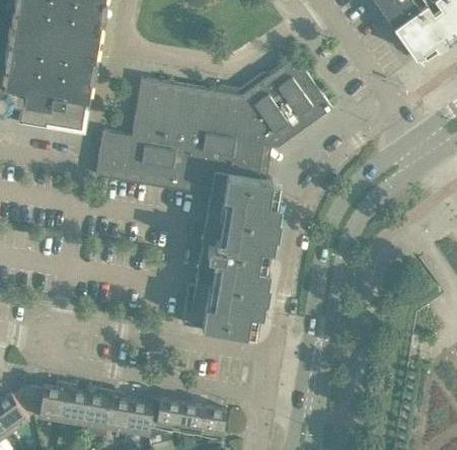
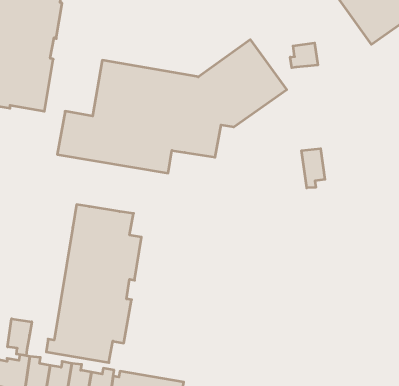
building: none -> [290,43,318,68]
building: none -> [302,149,325,188]
building: [182,170,281,333] -> [46,205,141,363]
building: none -> [8,319,32,355]

